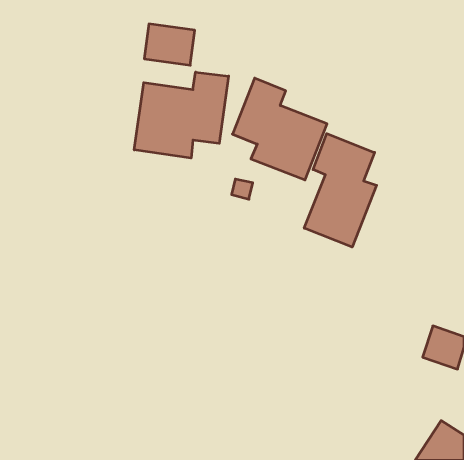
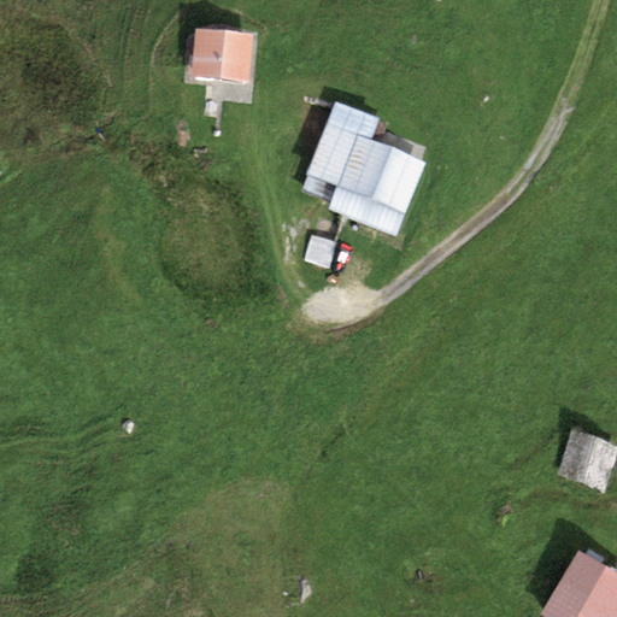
building: [134,72,229,158] -> none
building: [304,134,377,247] -> none

